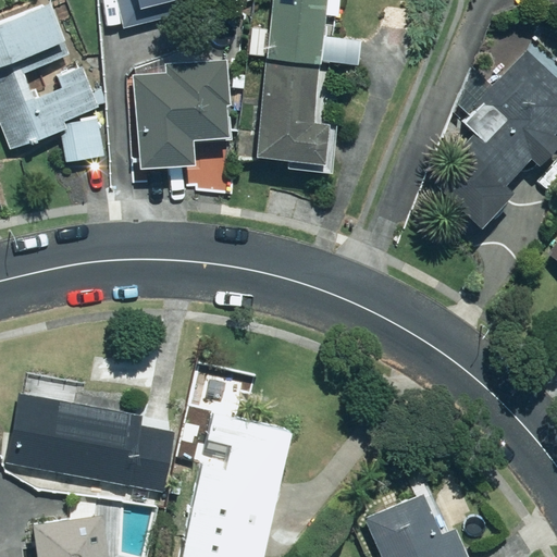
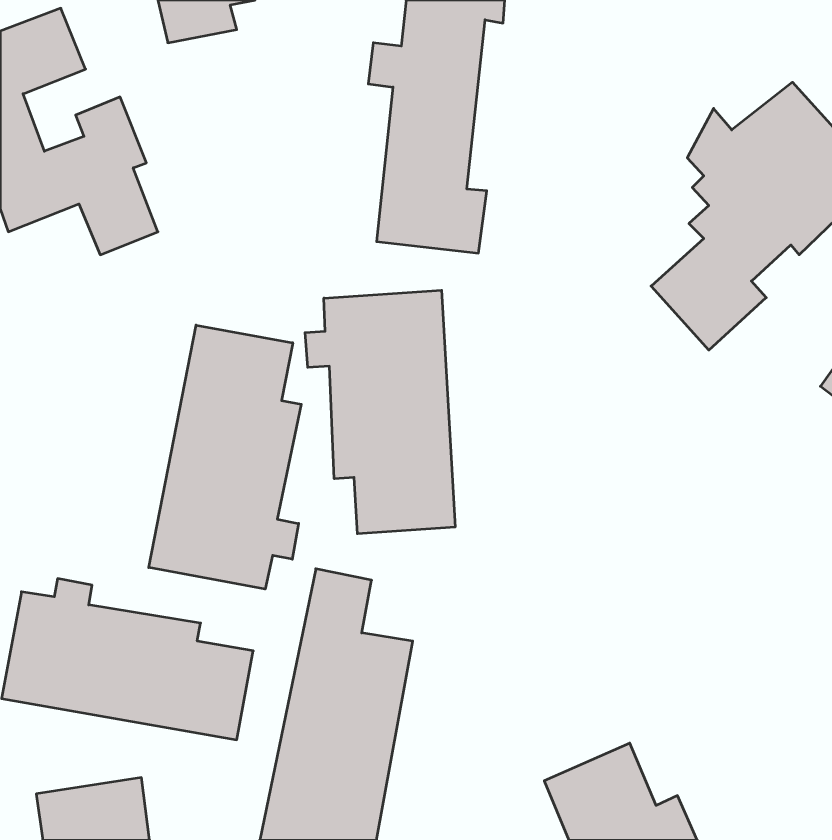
building: [138,59,238,169] -> none
building: none -> [305,290,455,534]
building: none -> [149,325,301,589]

